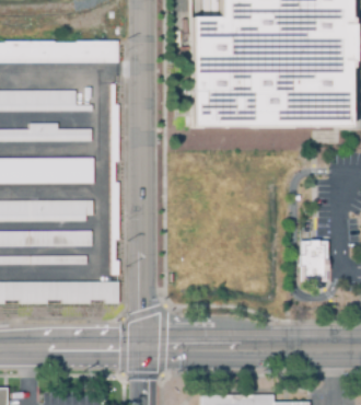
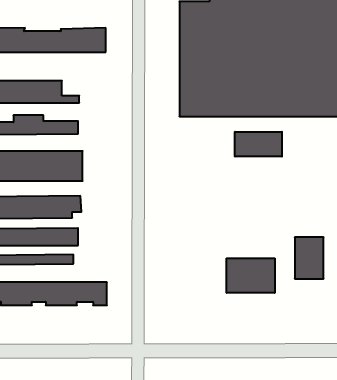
building: none -> [235,132,282,157]
building: none -> [227,258,275,293]

